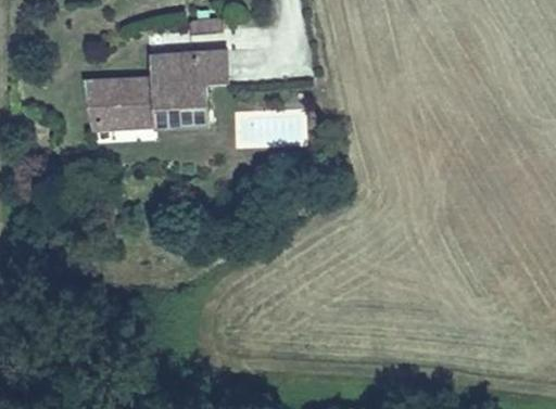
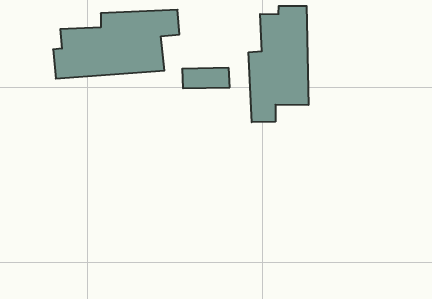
building: none -> [249,6,308,122]

